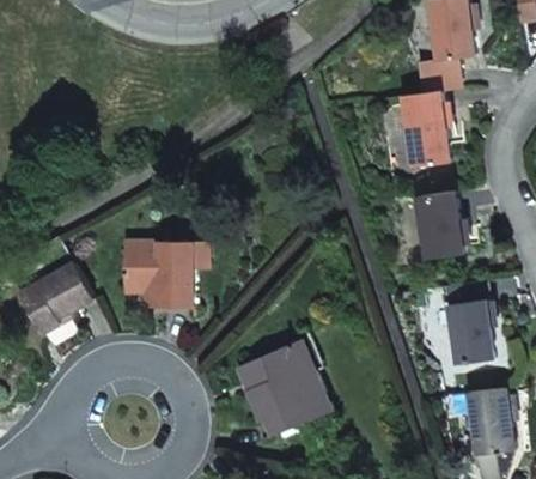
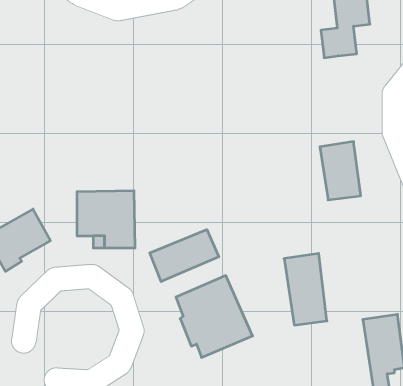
building: [397,85,445,160] -> none
building: [441,278,492,362] -> [284,253,327,325]
building: none -> [150,230,219,282]

